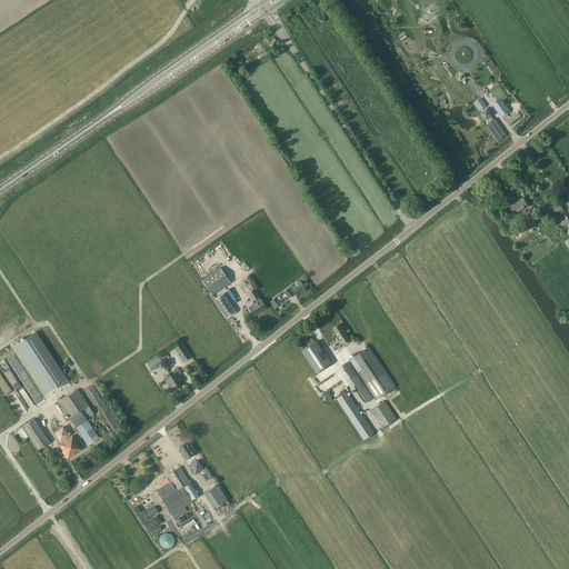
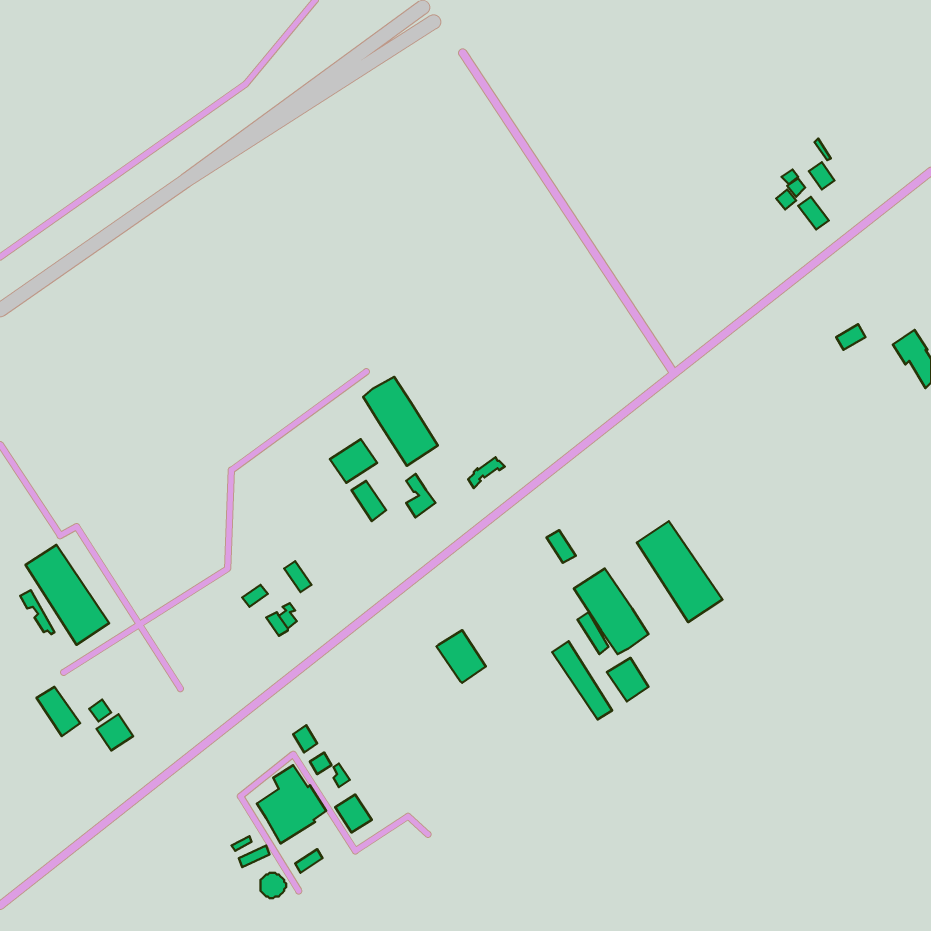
building: none -> [363,377,438,466]
building: none -> [637,521,722,622]
building: [301,341,331,373] -> [437,630,486,683]
building: [59,390,99,445] -> none

